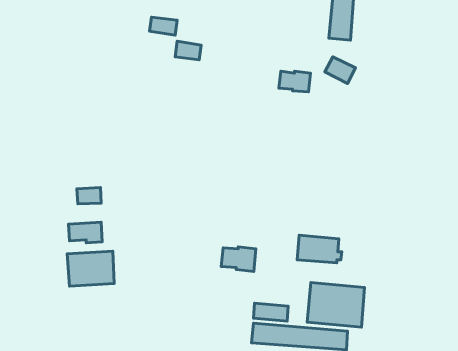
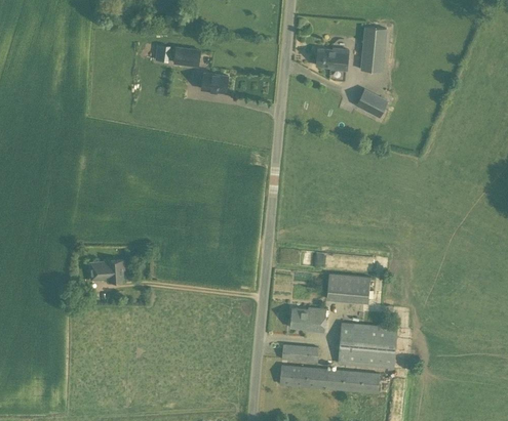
building: [279,71,310,92] -> [315,48,348,70]
building: [77,188,101,204] -> none
building: [221,247,256,271] -> [289,307,325,333]
building: [67,251,114,286] -> none

